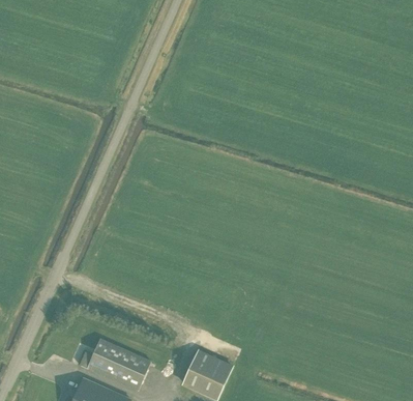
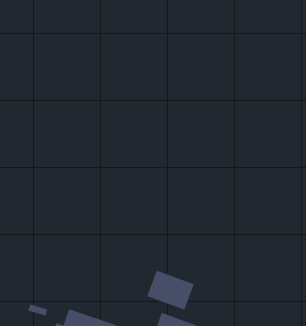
building: none -> [147,270,194,310]

